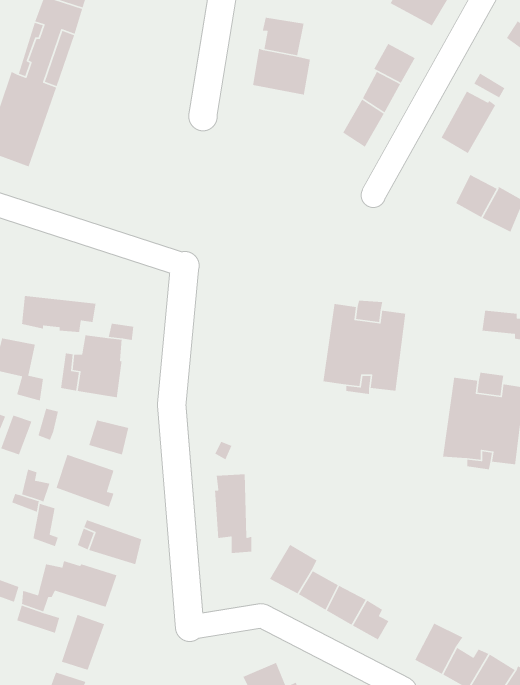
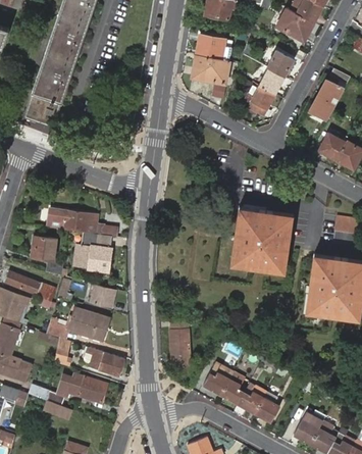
building: [61,614,105,671] -> none

